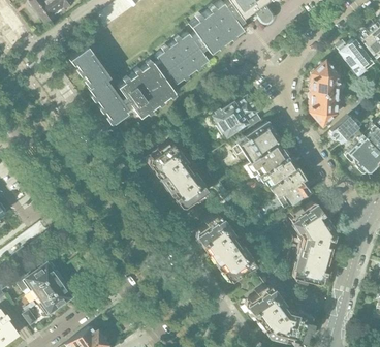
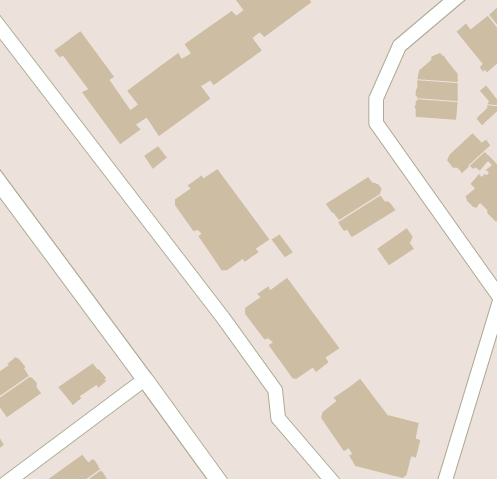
building: [211,97,262,136] -> none
building: [310,104,338,126] -> none
building: [237,122,282,162] -> none
building: [267,166,305,196] -> none
building: [283,202,336,283] -> none
building: [38,288,71,317] -> [57,362,107,406]

